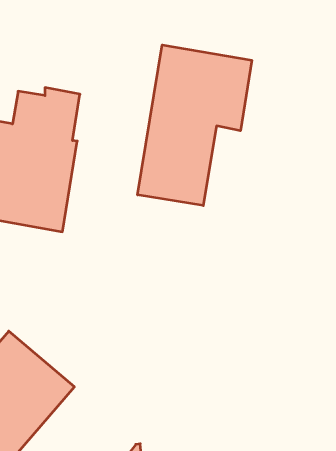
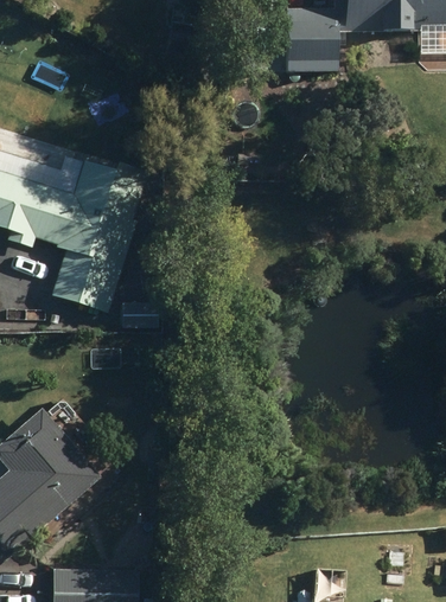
building: [138,45,252,206] -> none

